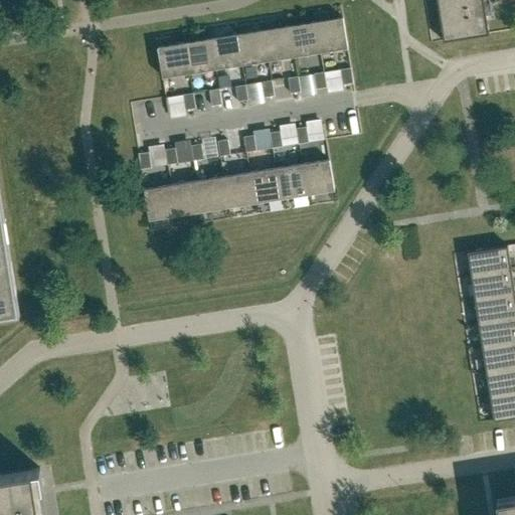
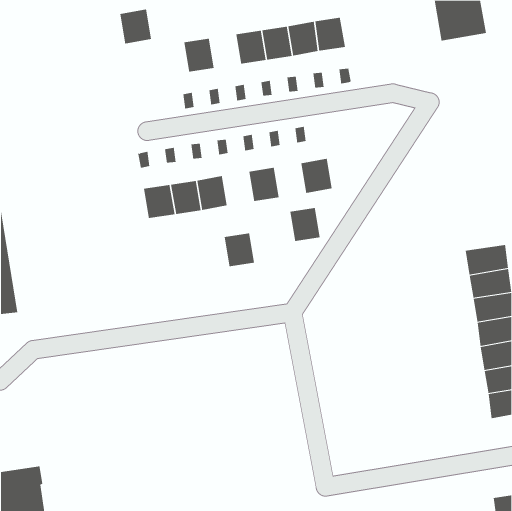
building: [210,35,241,69] -> none
building: [157,43,189,78] -> [120,9,152,44]
building: [276,165,307,199] -> [289,207,320,241]
building: [223,173,254,207] -> [224,233,255,267]

